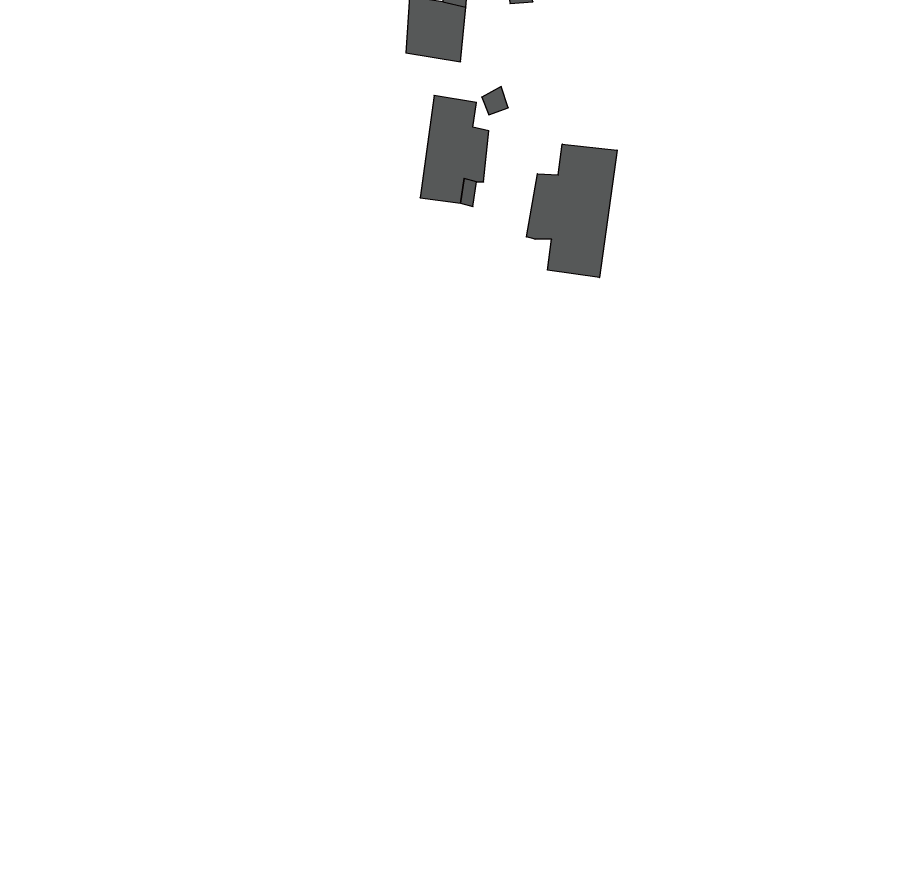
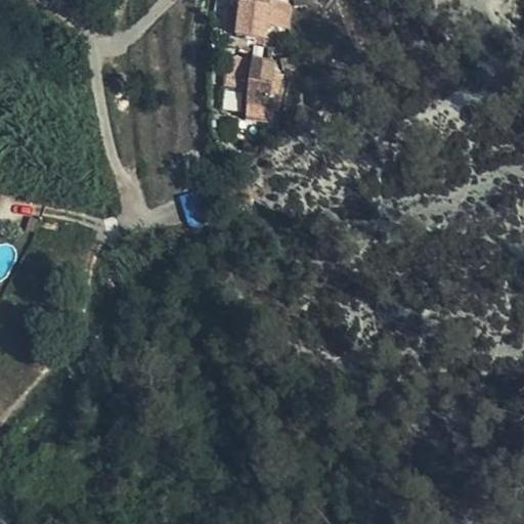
building: [526,144,617,278] -> none

